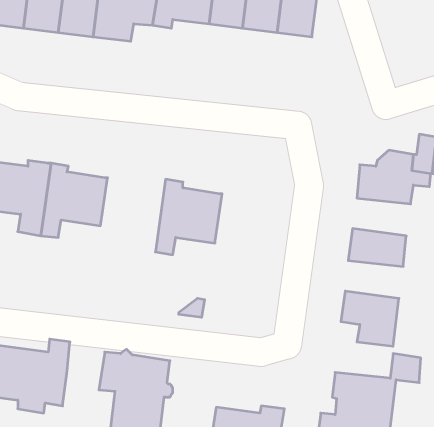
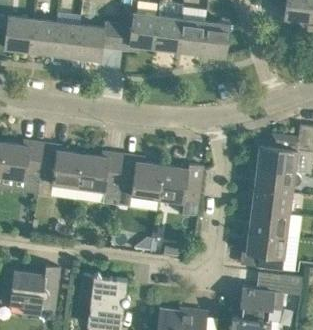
building: none -> [79,153,124,205]
building: none -> [158,164,202,216]
building: none -> [253,168,300,194]
building: none -> [248,211,288,237]

